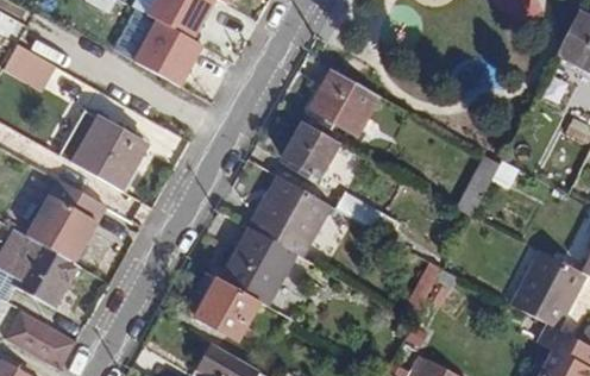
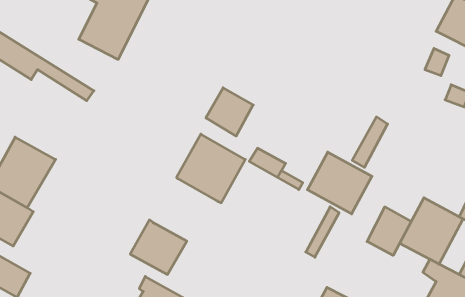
building: [309,69,379,133] -> none
building: [56,108,145,189] -> none
building: none -> [307,152,372,214]
building: [221,227,296,305] -> none
building: none -> [367,207,411,255]

